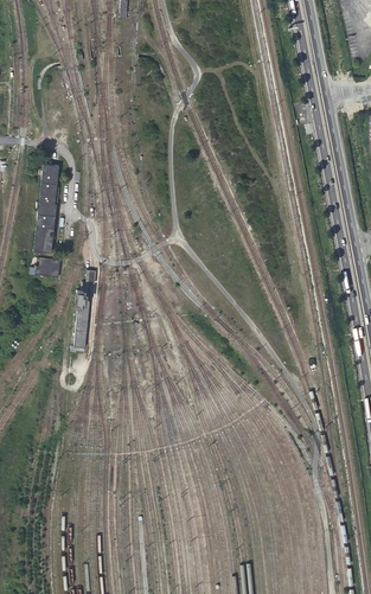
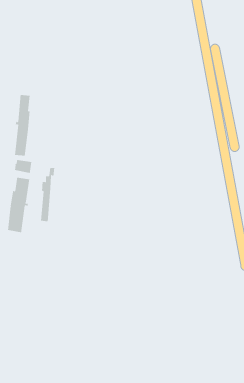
building: none -> [7,177,30,233]

